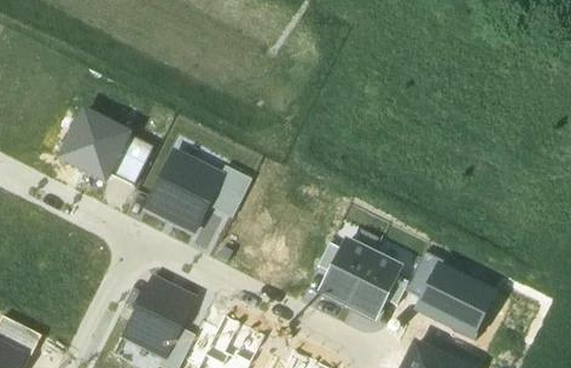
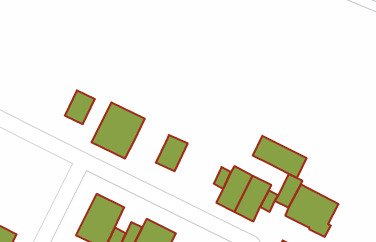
building: [62,112,126,179] -> none
building: [206,165,251,216] -> [156,135,188,171]
building: none -> [253,136,306,178]

